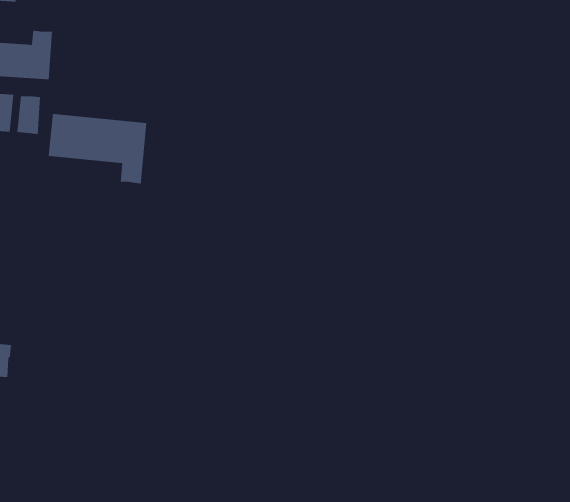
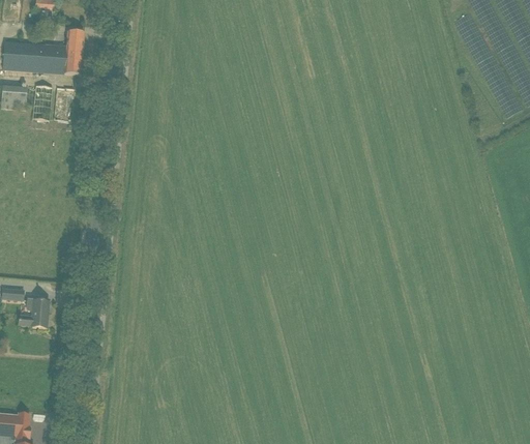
building: [48,113,147,185] -> none

